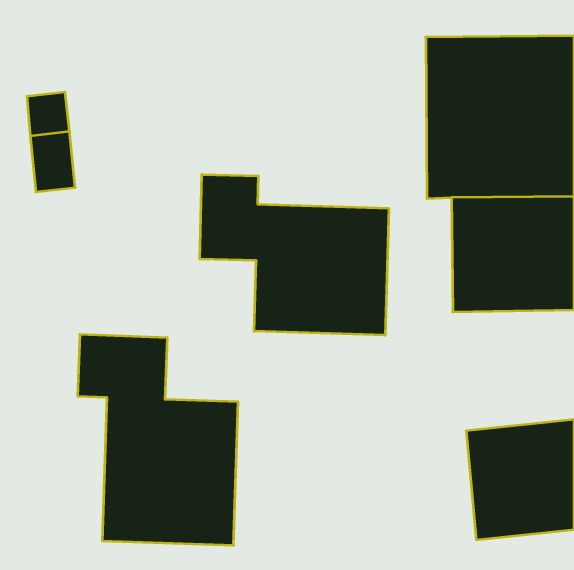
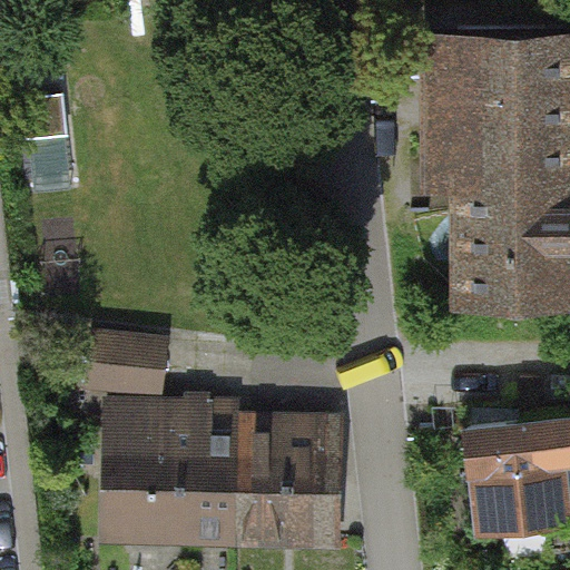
building: [200,174,389,335] -> none
building: none -> [232,402,344,548]

